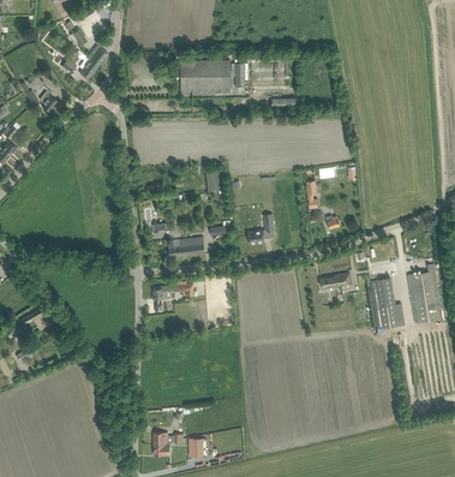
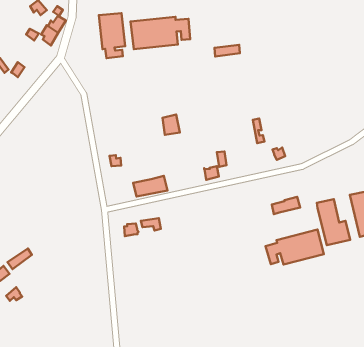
building: none -> [99,13,125,58]
building: none -> [266,229,324,265]

